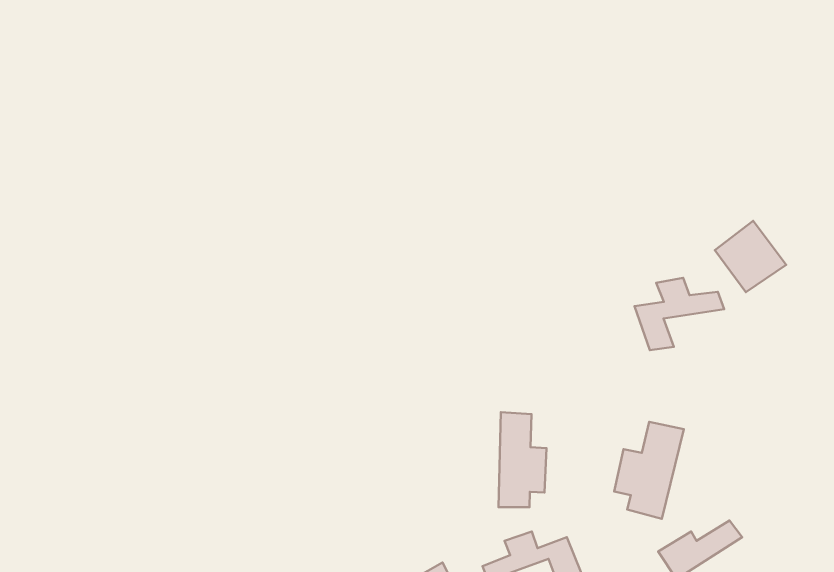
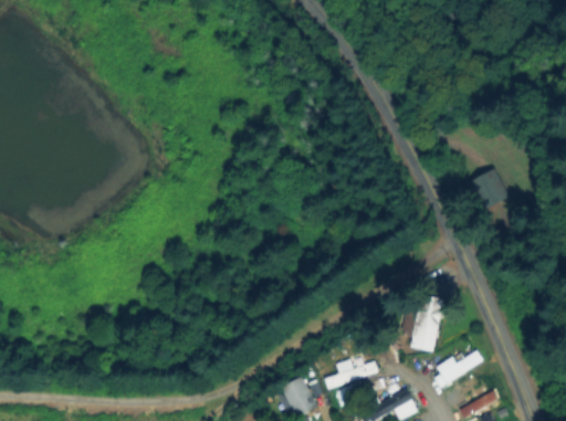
building: [634,278,724,350] -> none
building: [498,412,547,507] -> none

